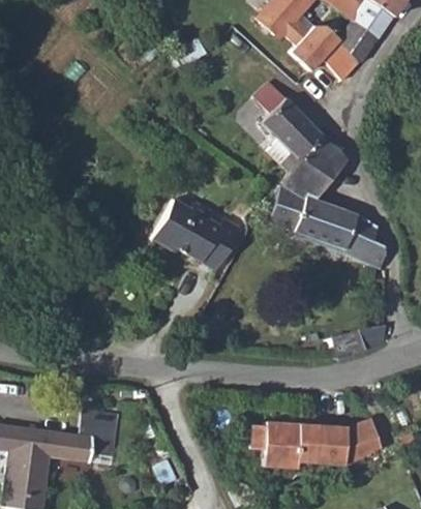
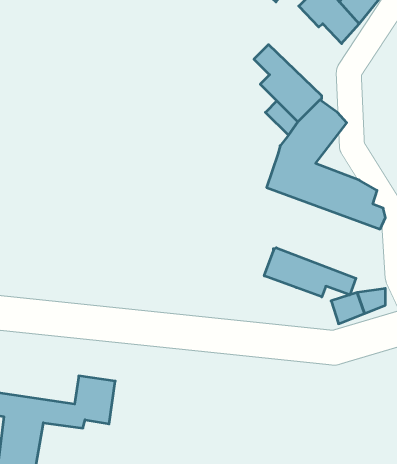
building: [150,202,239,271] -> none
building: none -> [264,248,356,297]
building: [248,417,381,468] -> none

